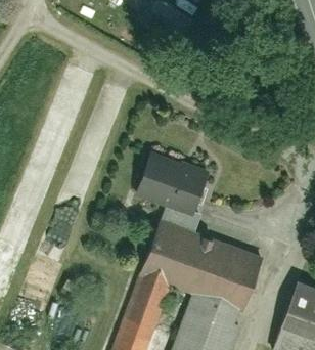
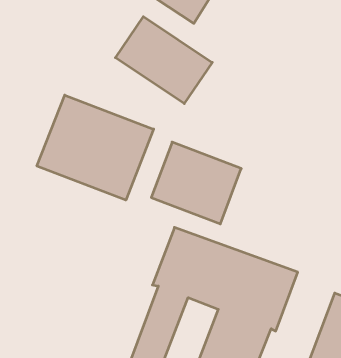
building: none -> [115,17,212,104]
building: none -> [37,95,154,200]

